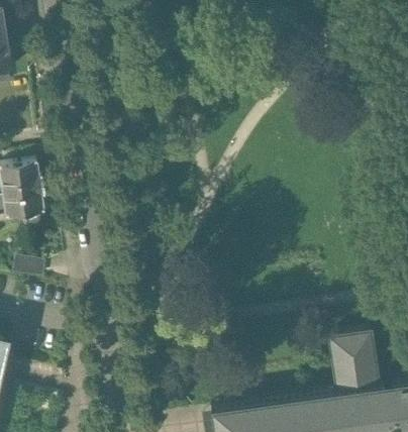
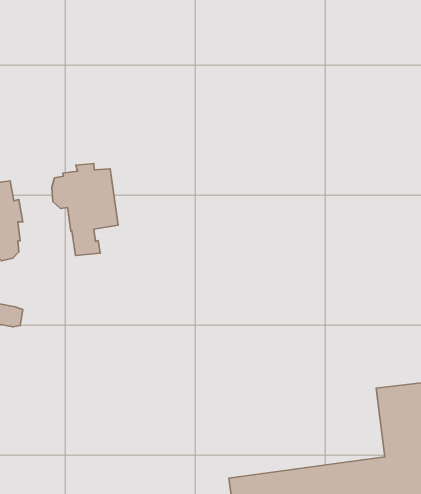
building: none -> [52,163,118,256]

